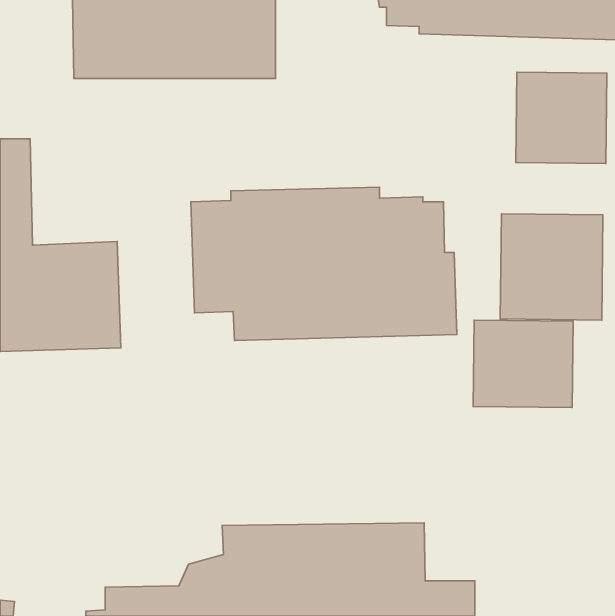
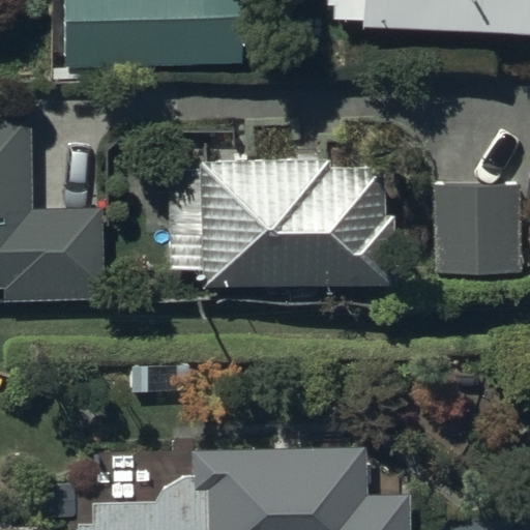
building: [516,72,607,164] -> none
building: [473,320,573,407] -> none

